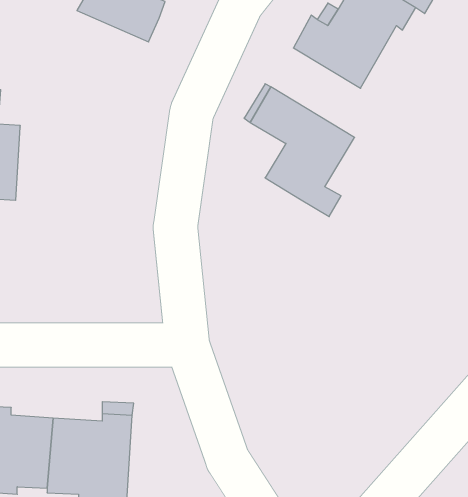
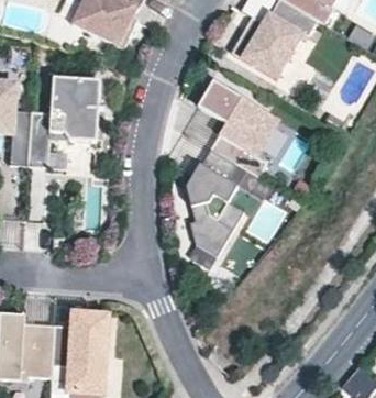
building: none -> [26,77,99,167]
building: none -> [186,148,243,256]

